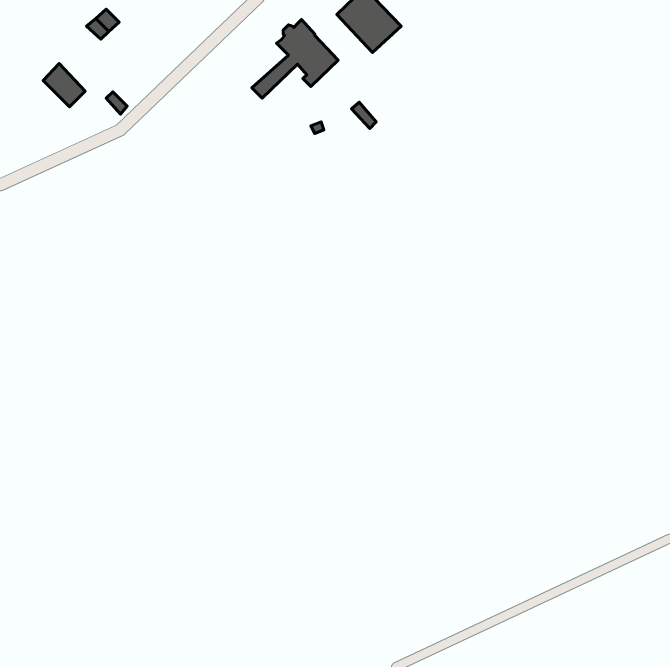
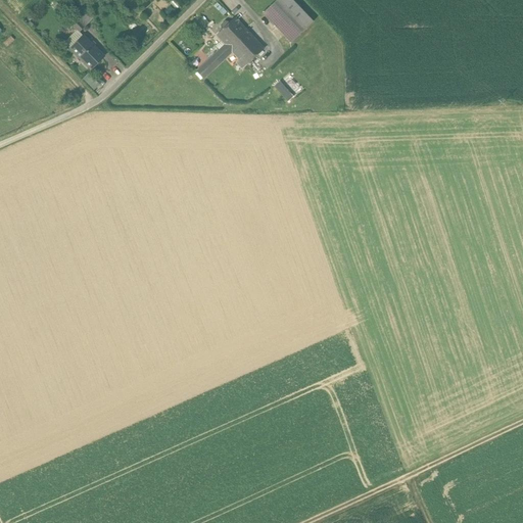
building: [43,64,85,107] -> [70,34,103,67]

